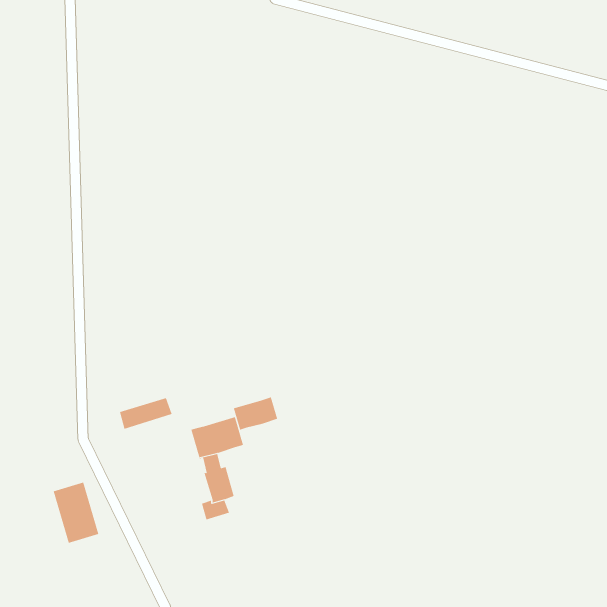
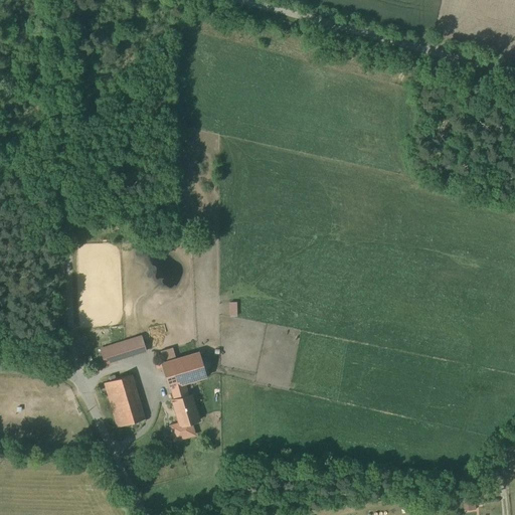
building: [233,397,278,430] -> none
building: [53,482,99,544] -> [106,374,145,426]

